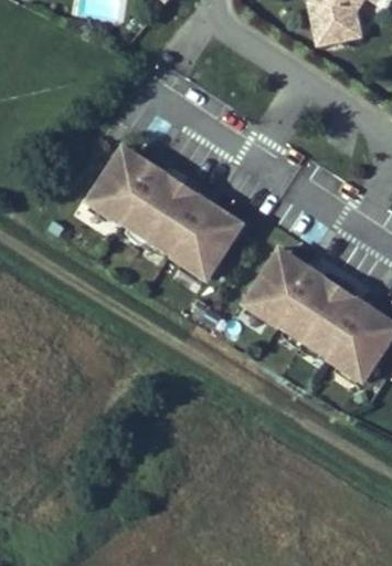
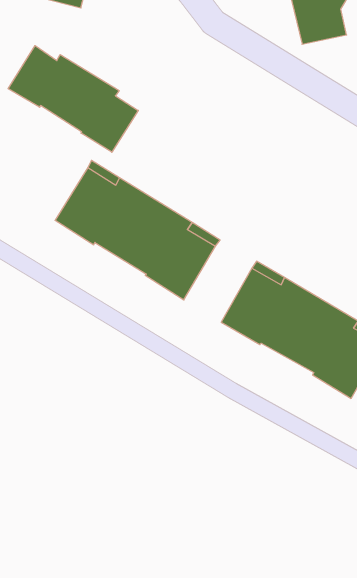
building: none -> [8,46,138,152]

